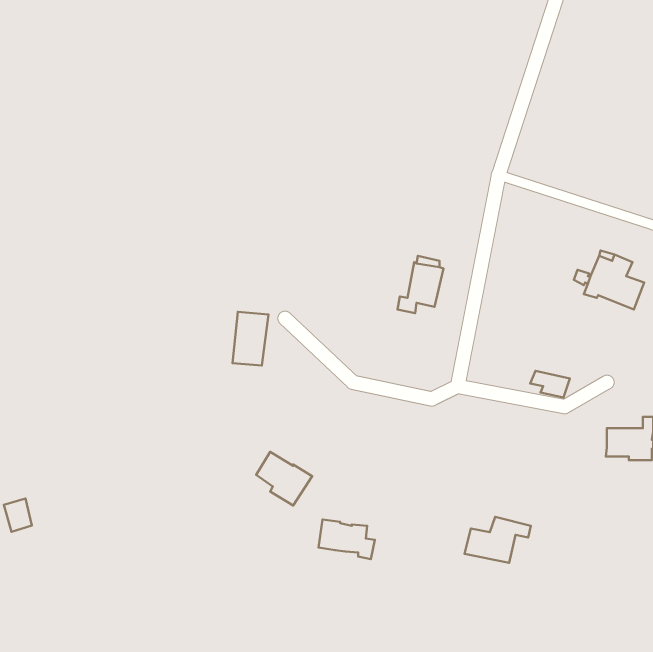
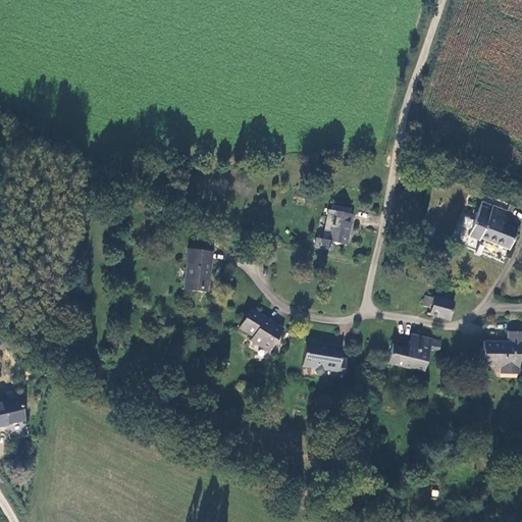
building: [256,452,312,506] -> [240,309,284,352]
building: [464,517,531,563] -> [389,334,442,371]
building: [319,519,375,559] -> [304,343,349,374]

